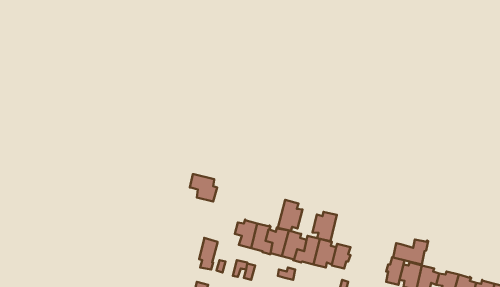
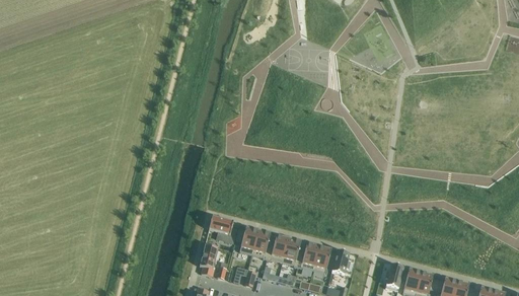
building: [190,174,217,202] -> [209,216,236,243]
building: [278,200,303,231] -> none
building: [313,212,337,241] -> none
building: [393,240,428,264] -> none

